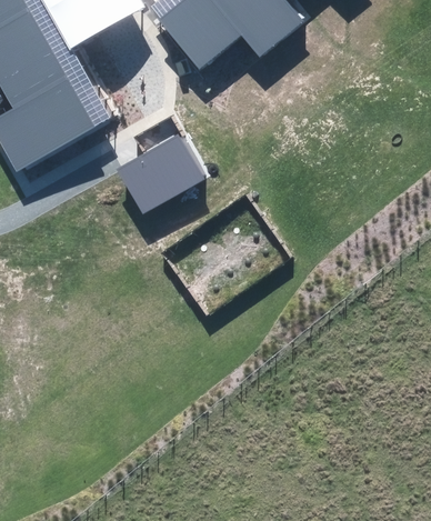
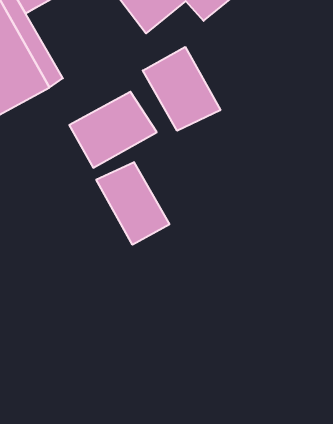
building: none -> [143,47,220,131]
building: none -> [96,162,169,245]

